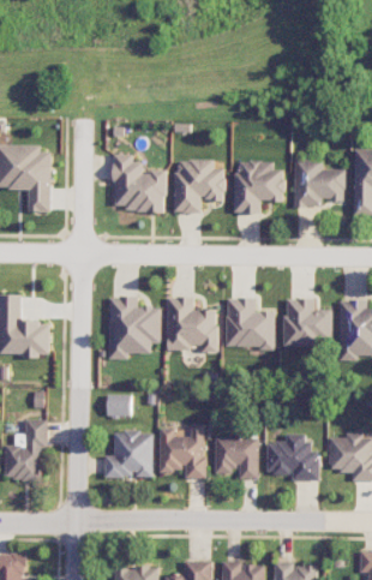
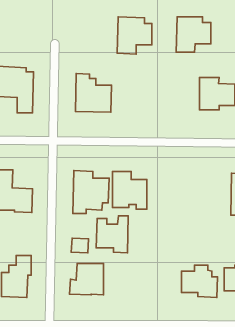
building: [174,159,224,213] -> [117,17,152,54]
building: [234,161,284,213] -> [176,17,211,52]
building: [226,297,275,347] -> none
building: [284,298,332,347] -> none
building: [160,424,206,478] -> [96,216,128,253]
building: [215,436,260,478] -> none

